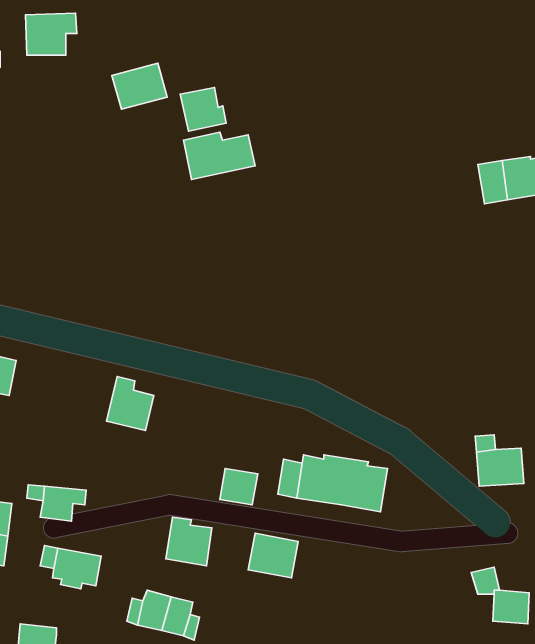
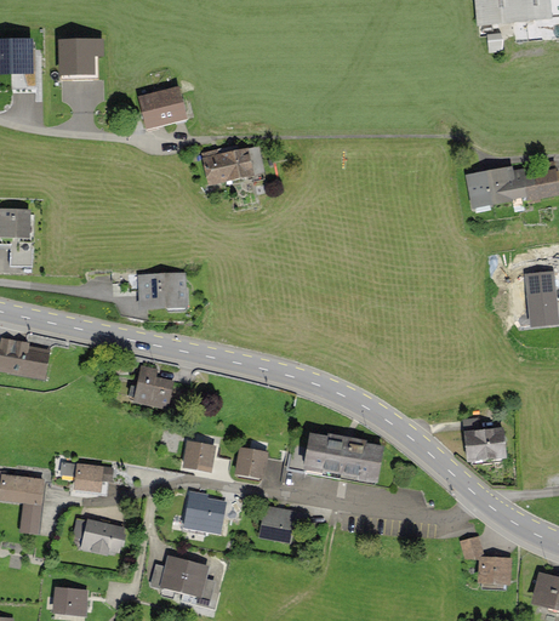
building: [180,87,226,131] -> none
building: none -> [141,274,186,307]
building: none -> [182,440,216,474]

